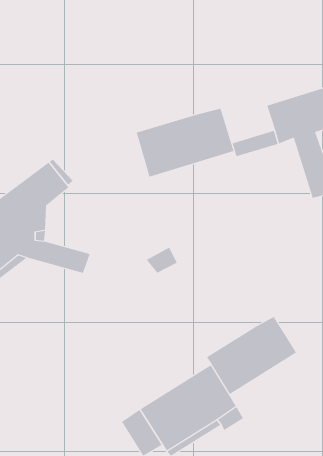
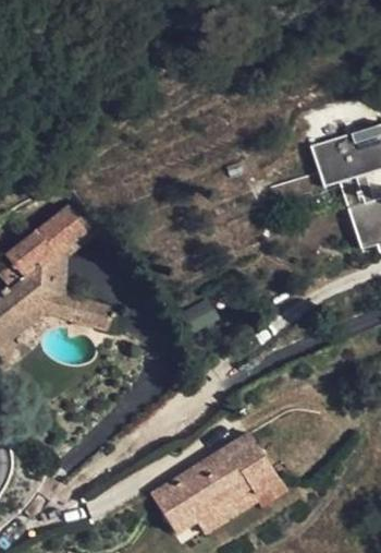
building: [136,108,234,177] -> none
building: [206,316,297,395] -> none

